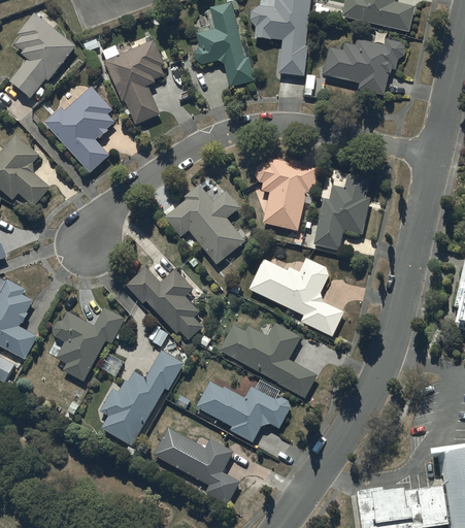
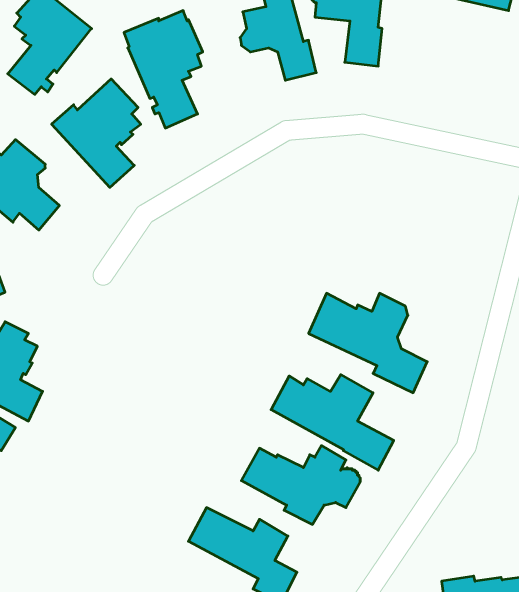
building: [322,37,405,95] -> none
building: [255,157,318,231] -> none
building: [312,174,370,250] -> none
building: [164,185,244,264] -> none
building: [125,266,202,340] -> none
building: [52,306,125,381] -> none
building: [99,350,182,444] -> none

